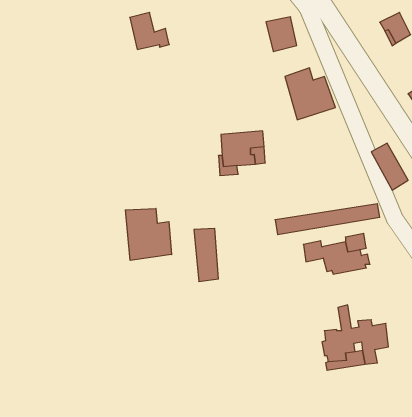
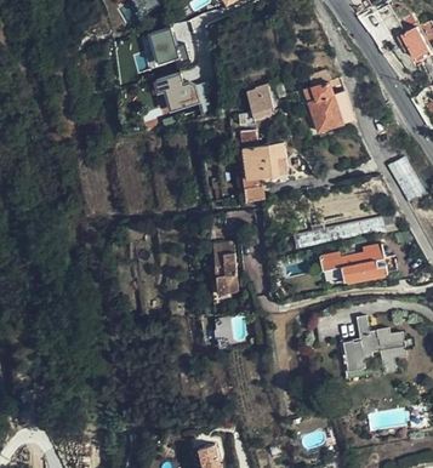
building: [266,17,297,52] -> [244,86,274,120]
building: none -> [155,73,199,109]
building: [125,208,172,260] -> none

